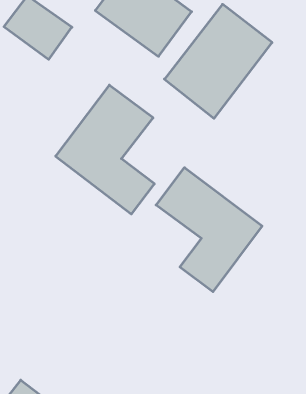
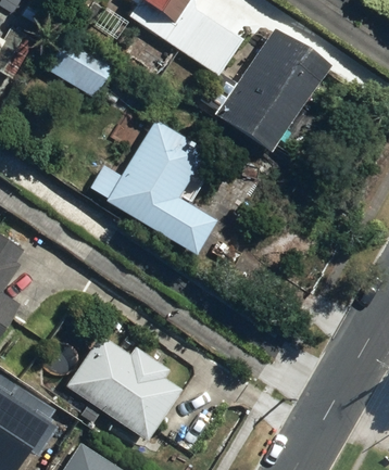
building: [156,168,262,292] -> none
building: none -> [66,334,183,441]

